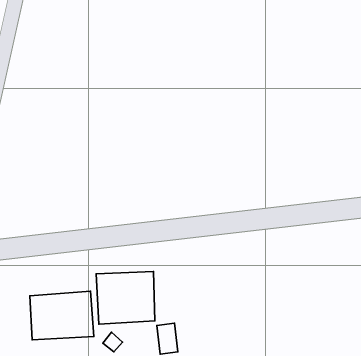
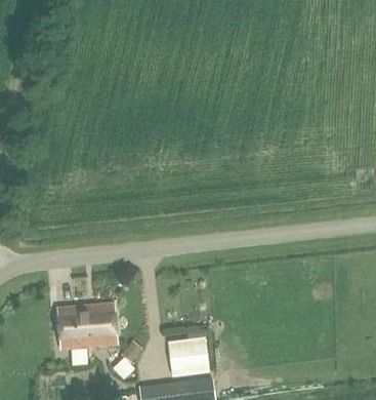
building: [96,272,155,324] -> none

